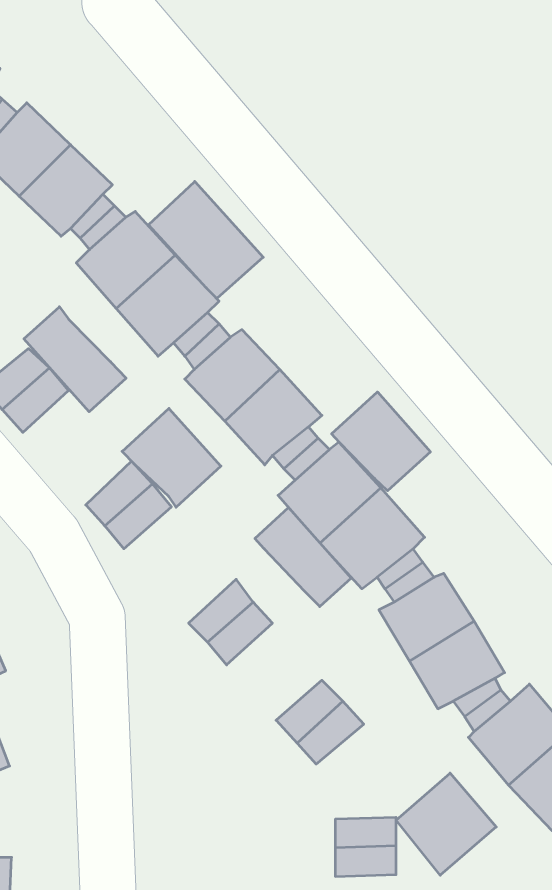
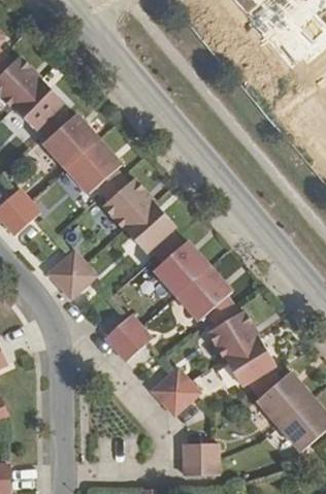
building: [149,181,263,298] -> none
building: [24,307,126,412] -> none
building: [332,392,430,491] -> none
building: [122,408,221,507] -> none
building: [255,508,351,607] -> none
building: [396,773,496,875] -> none

